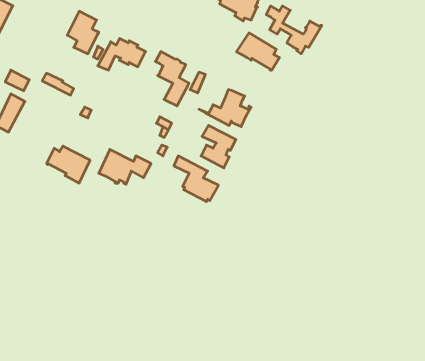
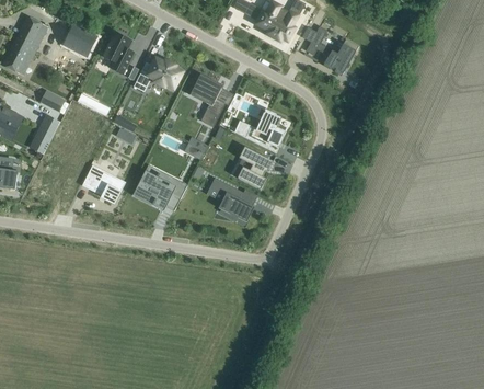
building: none -> [65,24,96,55]
building: [237,33,279,70] -> none

